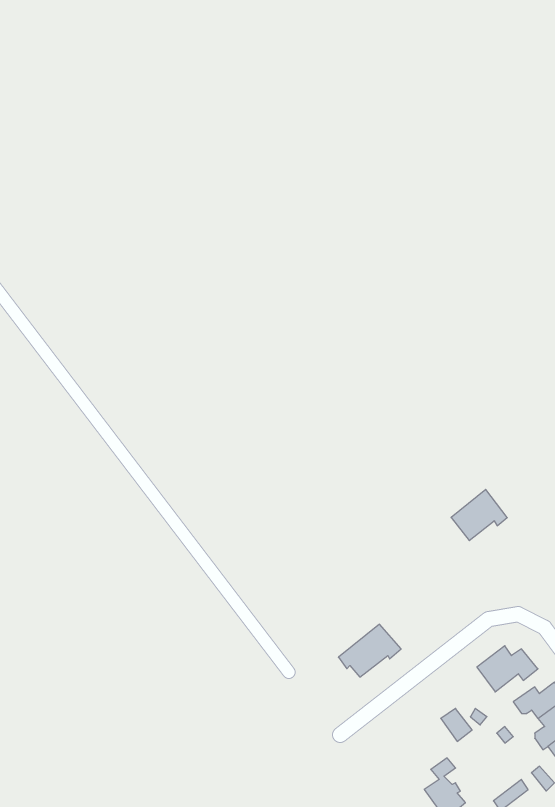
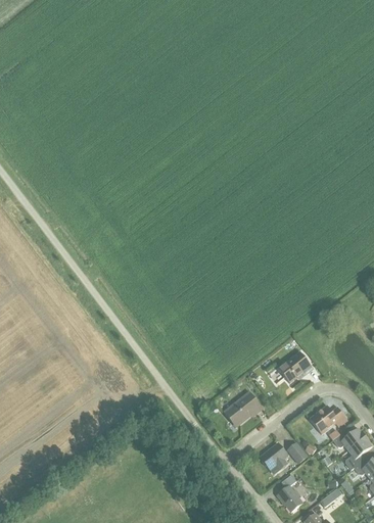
building: [451,489,507,541] -> [278,350,313,382]
building: none -> [261,443,287,468]

